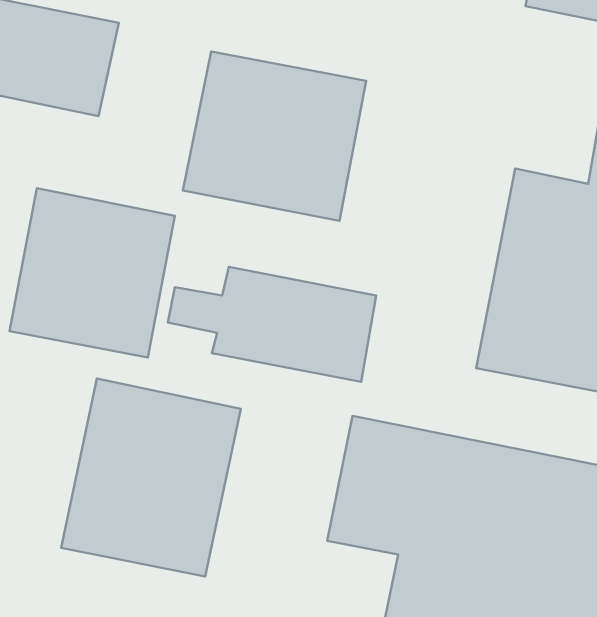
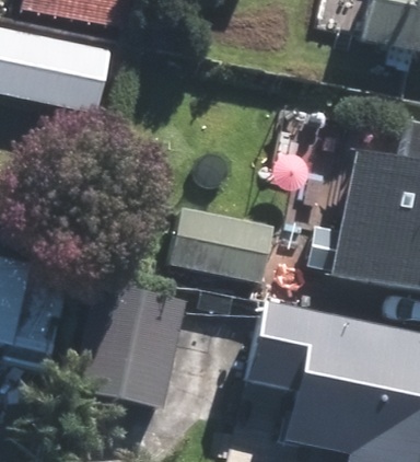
building: [183,51,366,221] -> none
building: [9,188,175,358] -> none

